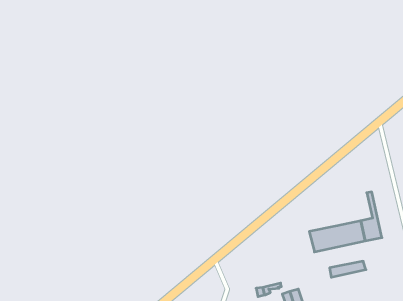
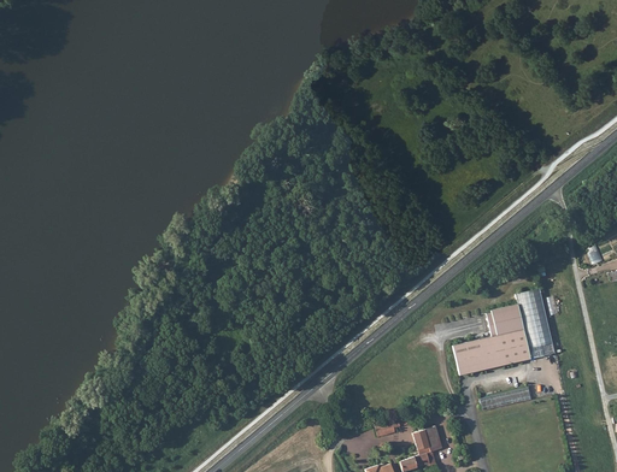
building: none -> [486,289,541,336]

